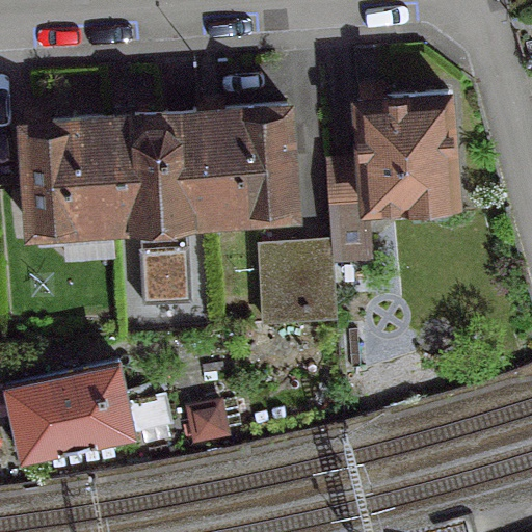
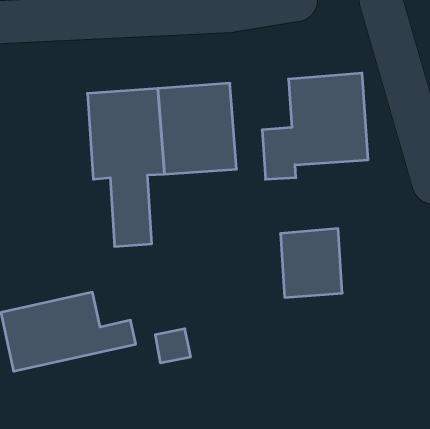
building: [23,121,118,233] -> none
building: [260,245,336,329] -> [280,229,342,297]

